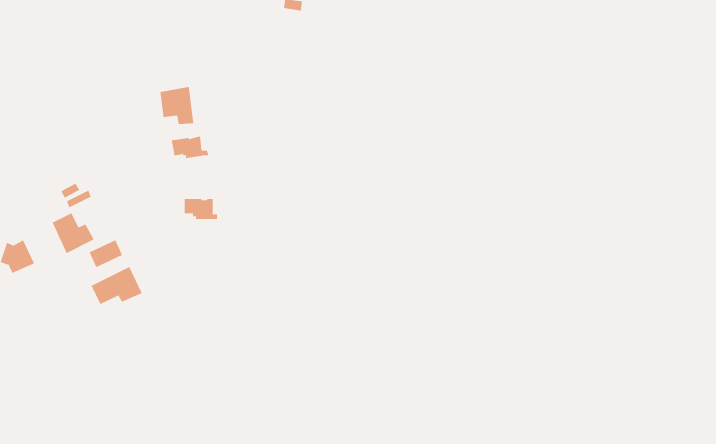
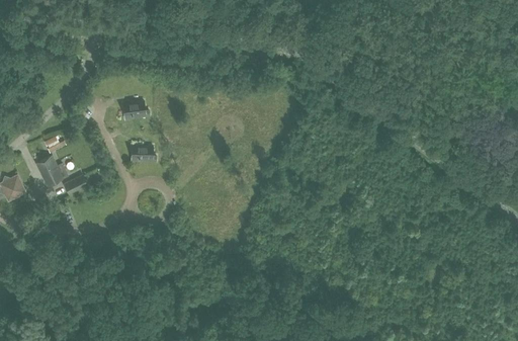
building: [160,86,194,125] -> none
building: [91,266,142,305] -> none

